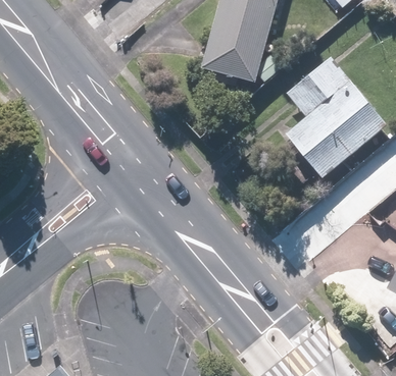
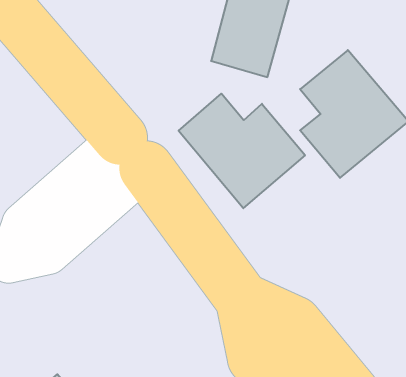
building: none -> [179,94,305,208]

